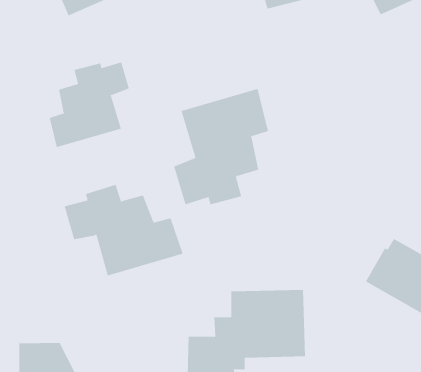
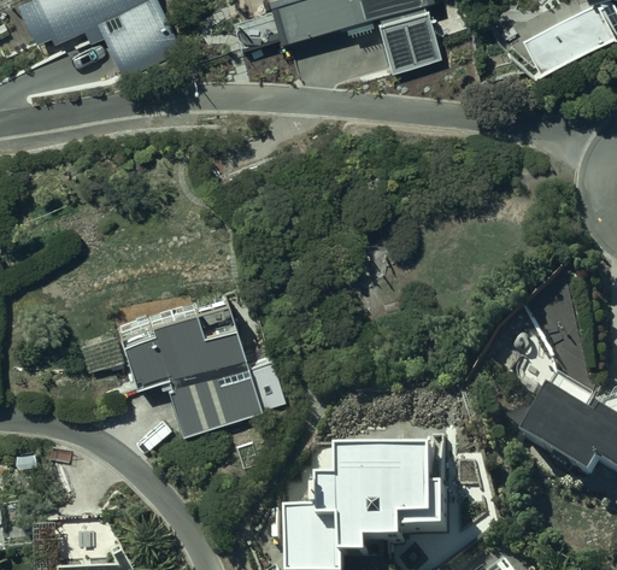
building: [49,61,129,148] -> none
building: [174,88,269,205] -> none

